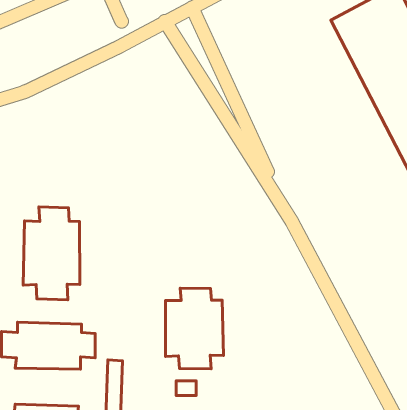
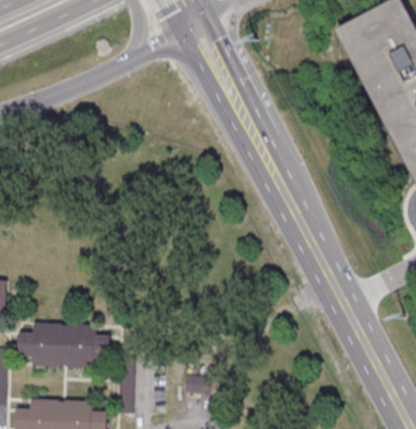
building: [23,207,80,300] -> none
building: [165,288,223,369] -> none

